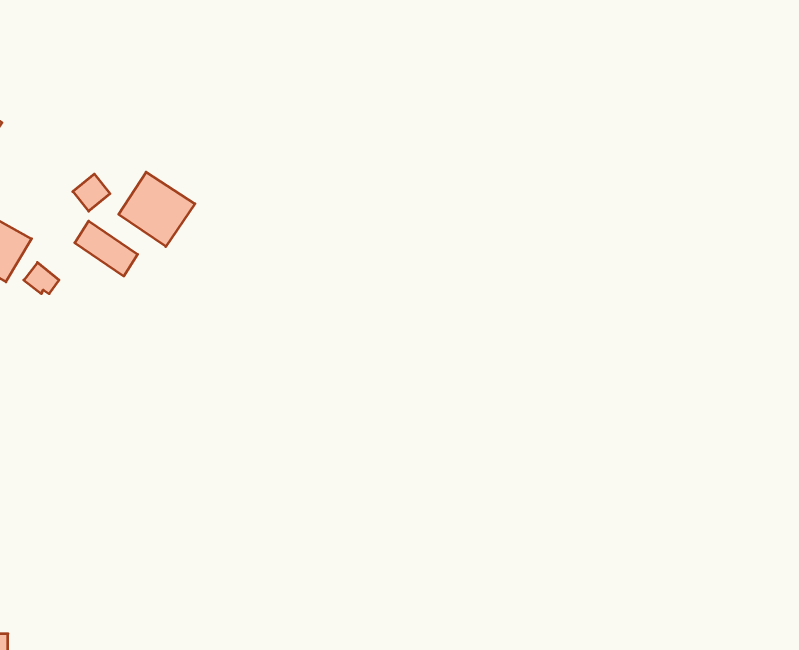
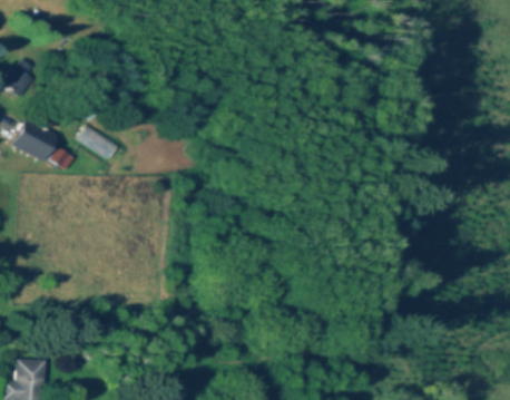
building: [119,172,195,247] -> none

